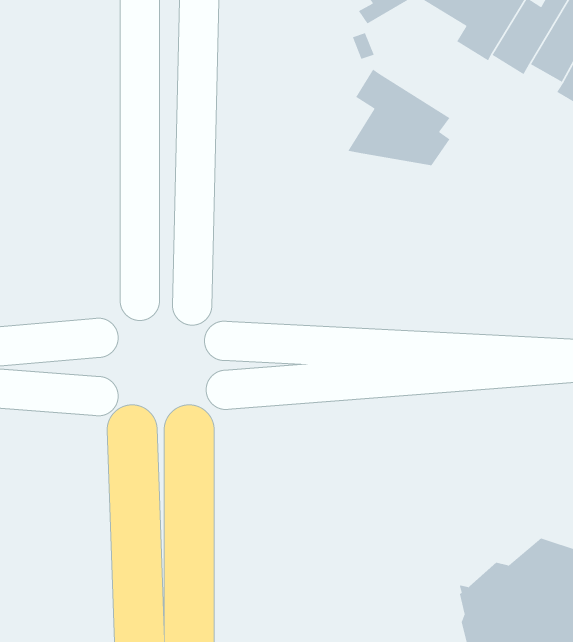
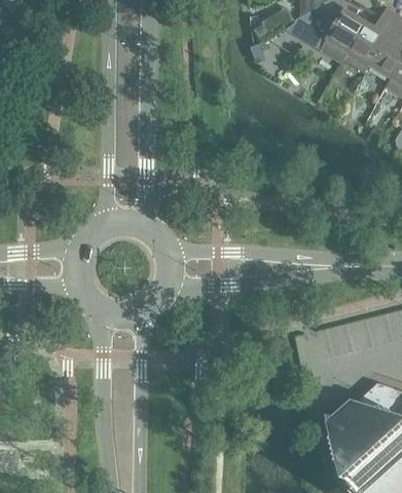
building: [347,68,451,166] -> none

